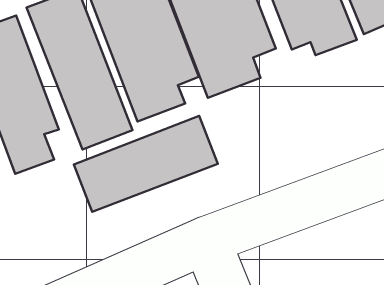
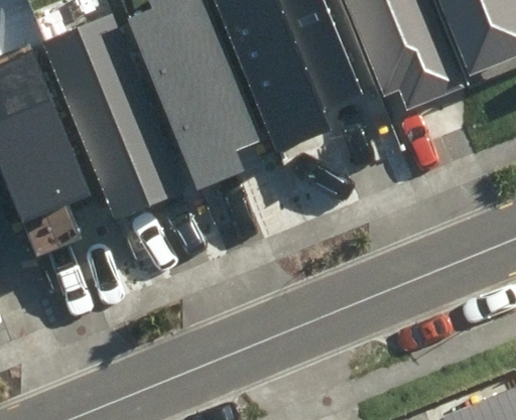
building: [74,116,218,212] -> none

